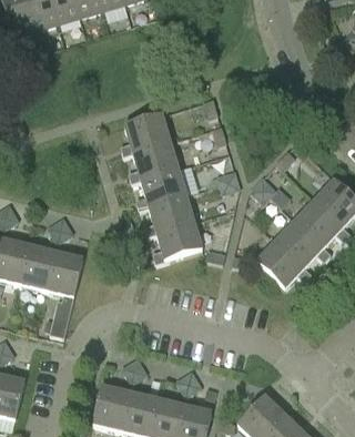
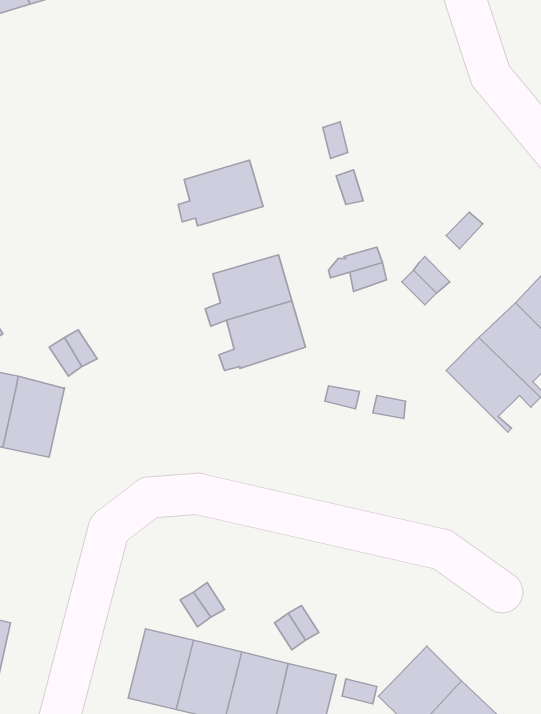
building: [128,143,179,182] -> none
building: [152,224,202,265] -> none
building: [255,237,311,285] -> none
building: [45,253,82,329] -> none

